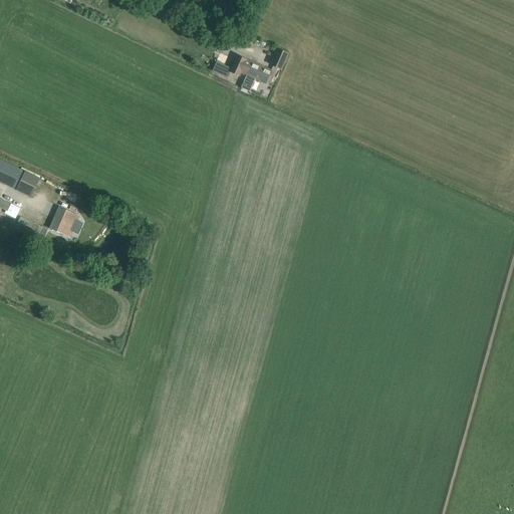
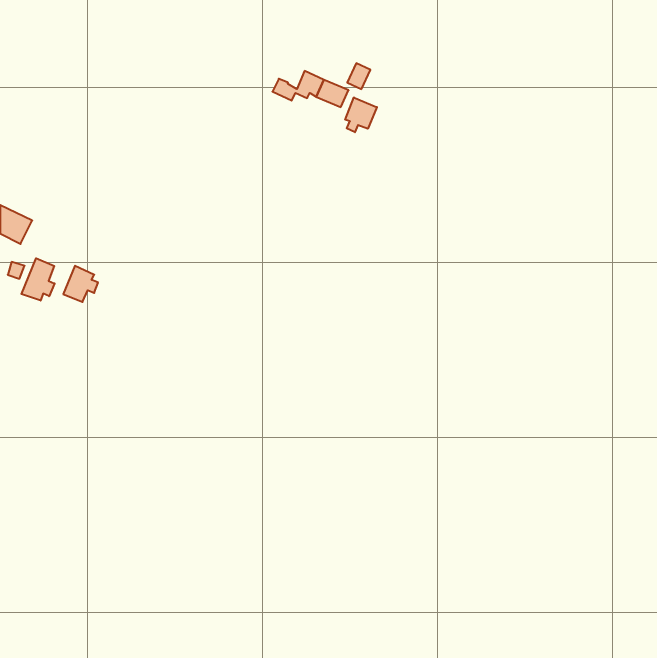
building: none -> [345,97,377,132]
building: none -> [21,258,55,301]

